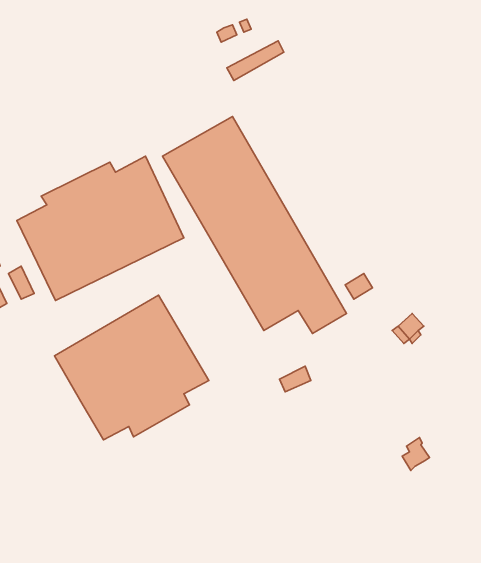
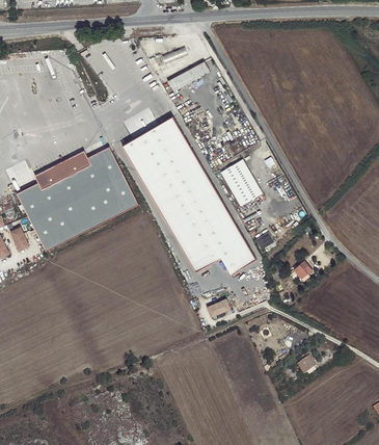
building: none -> [219,158,263,206]
building: [54,295,209,440] -> none

